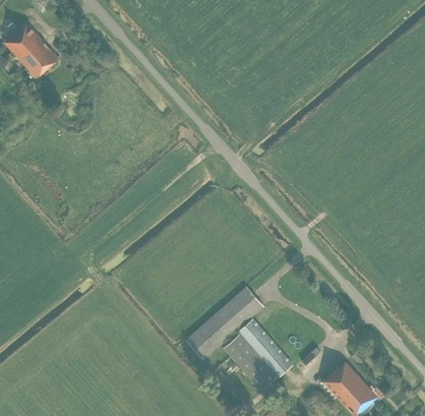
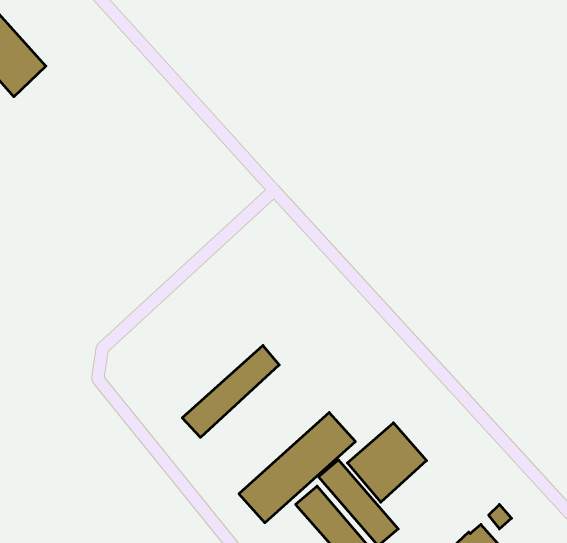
building: none -> [182,345,279,437]
building: none -> [347,423,427,502]

